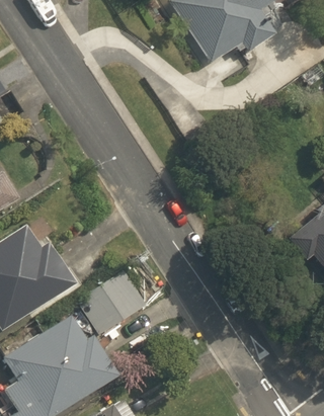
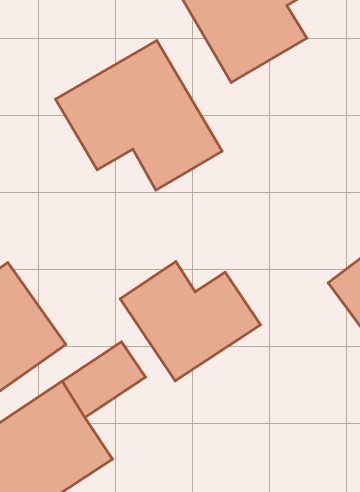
building: none -> [55,41,222,190]
building: none -> [120,261,260,381]

